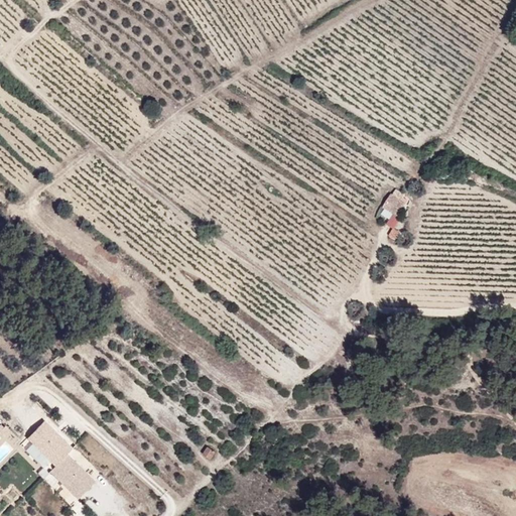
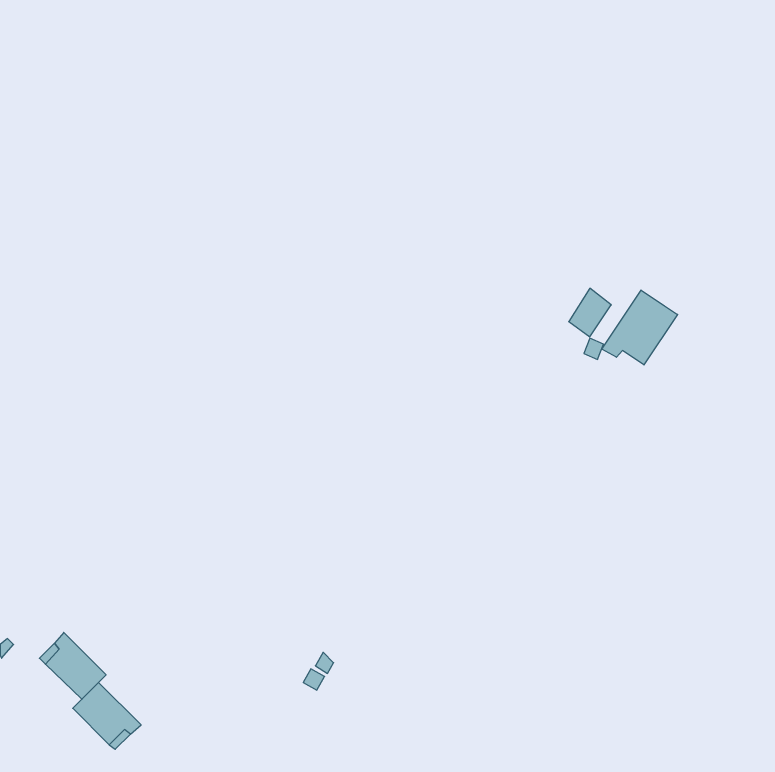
building: none -> [602,290,678,365]

